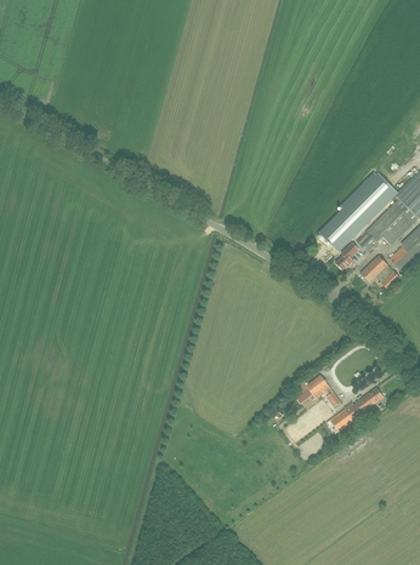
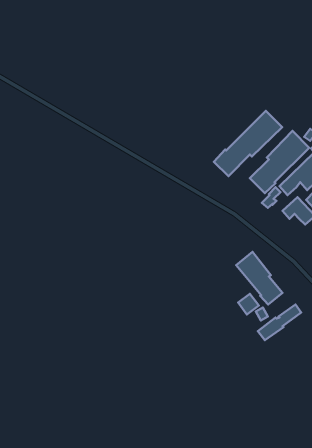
building: none -> [214,111,282,176]
building: none -> [236,252,282,304]

